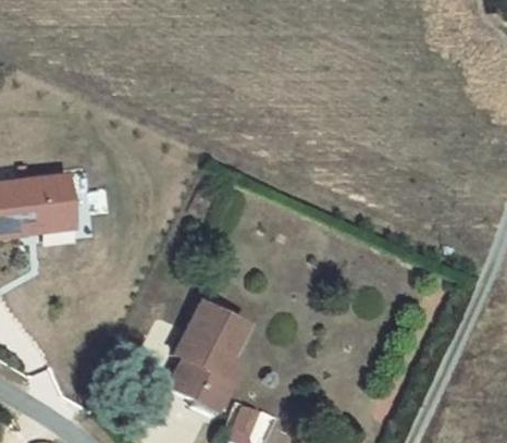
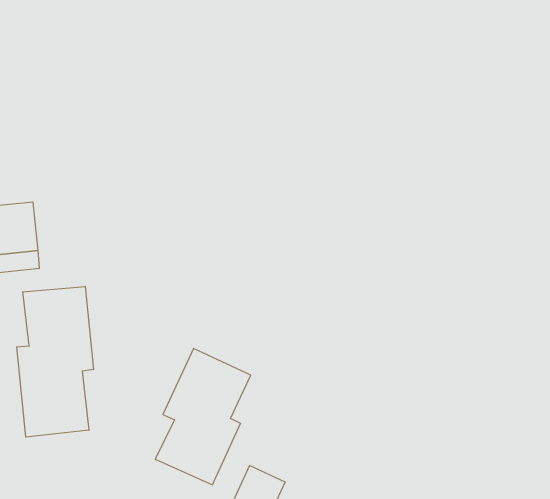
building: none -> [17,286,94,437]

